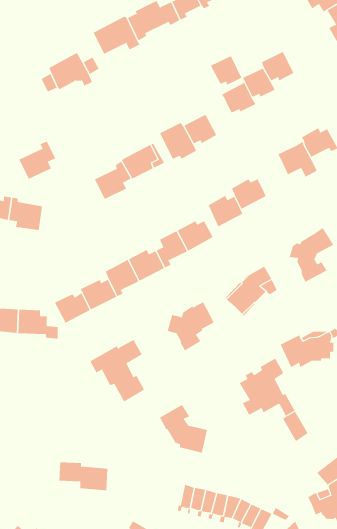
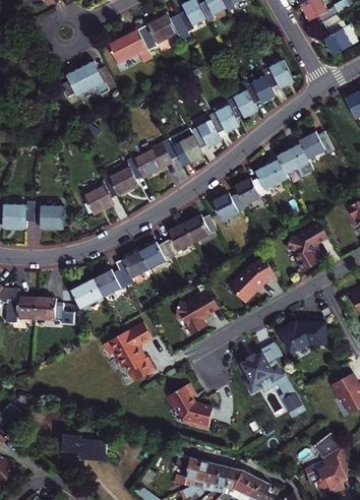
building: [210,56,242,85] -> [208,105,238,132]
building: [18,141,56,180] -> [82,179,117,214]
building: none -> [255,159,288,189]

